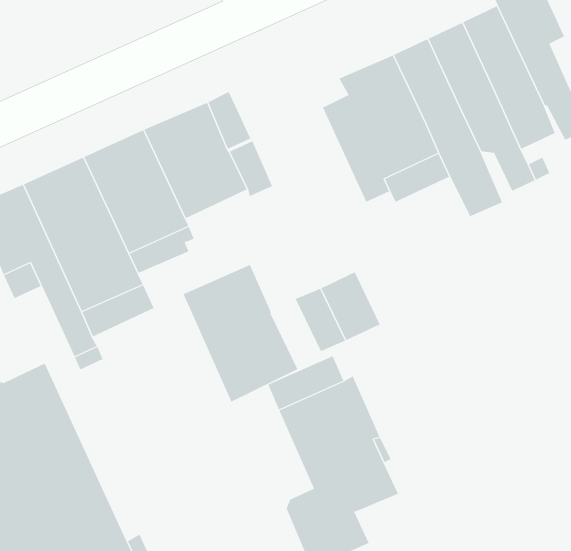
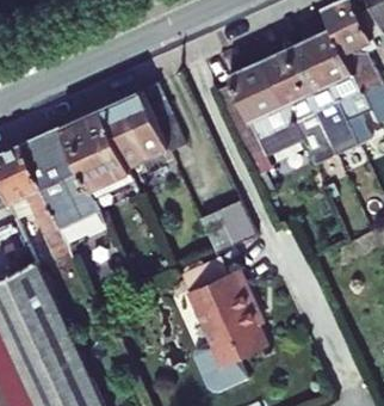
building: [183,264,298,402] -> none

